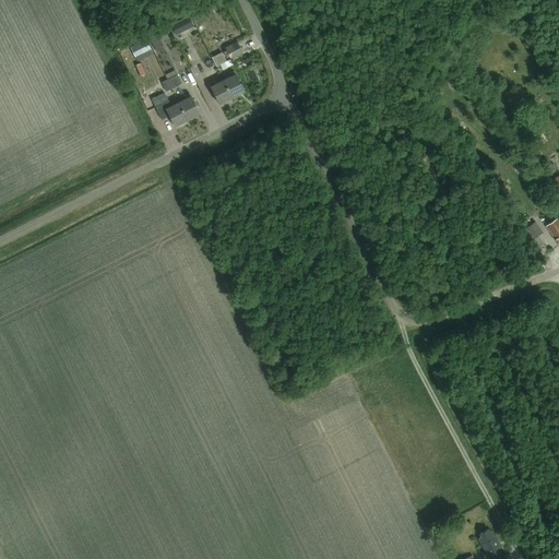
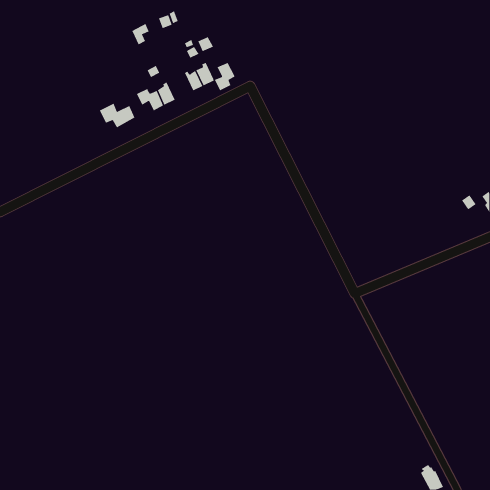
building: none -> [214,62,236,91]
building: none -> [99,103,135,128]

